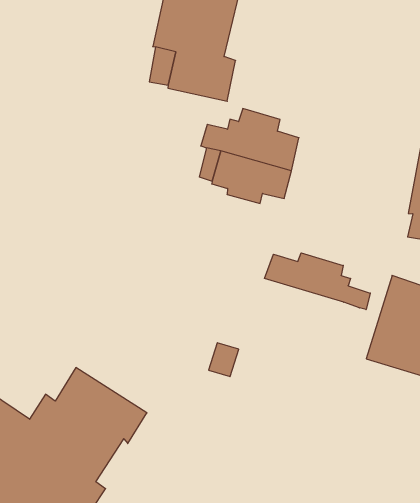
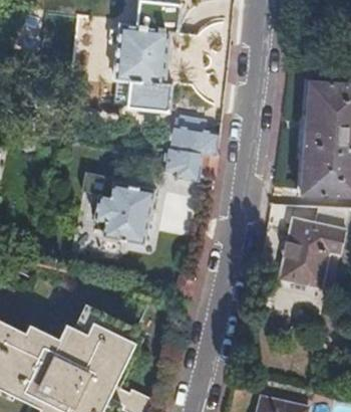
building: none -> [93,181,156,244]
building: [265,253,370,310] -> none

